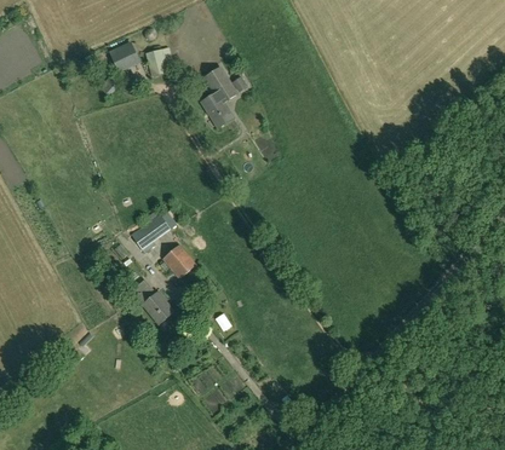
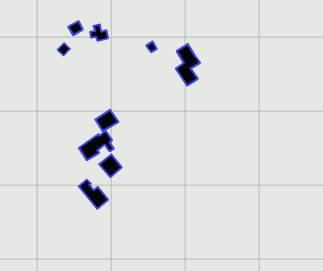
building: [200,65,236,127] -> [176,44,200,85]
building: none -> [95,110,118,131]

